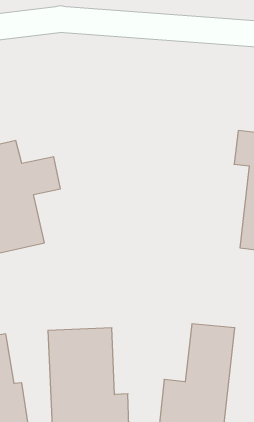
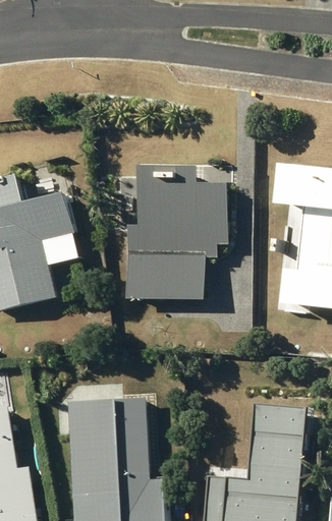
building: none -> [130,167,233,299]

